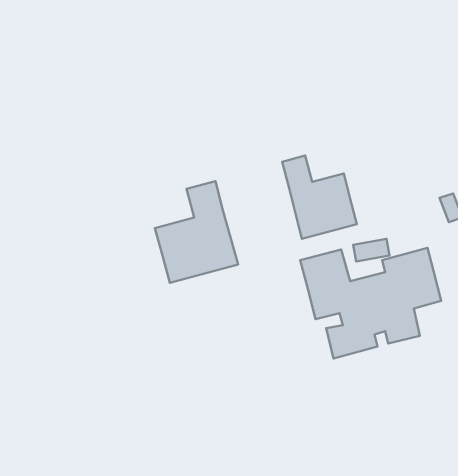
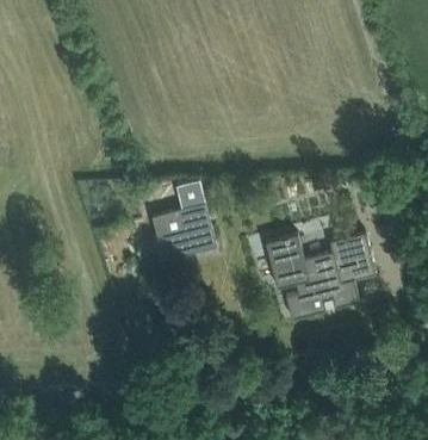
building: [282,156,357,239] -> none

